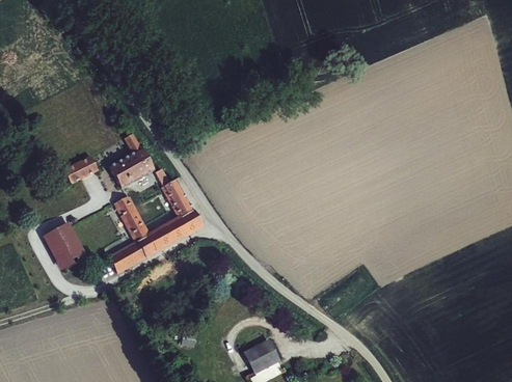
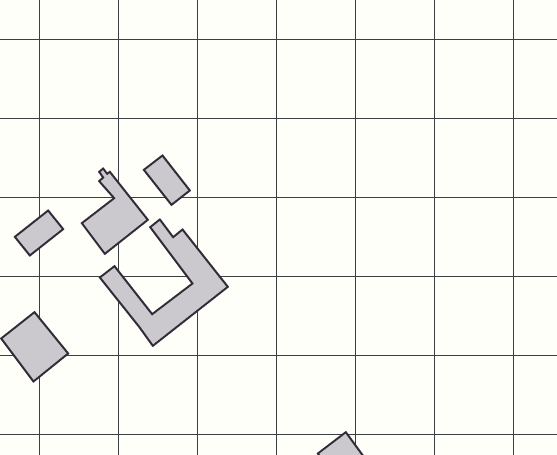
building: none -> [144,156,190,205]
building: [111,243,146,272] -> none

